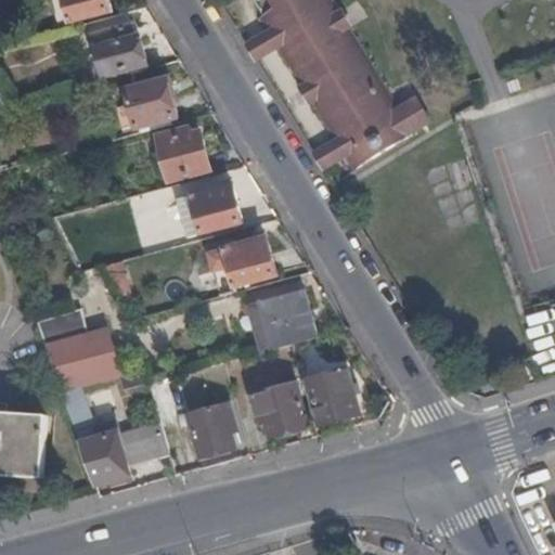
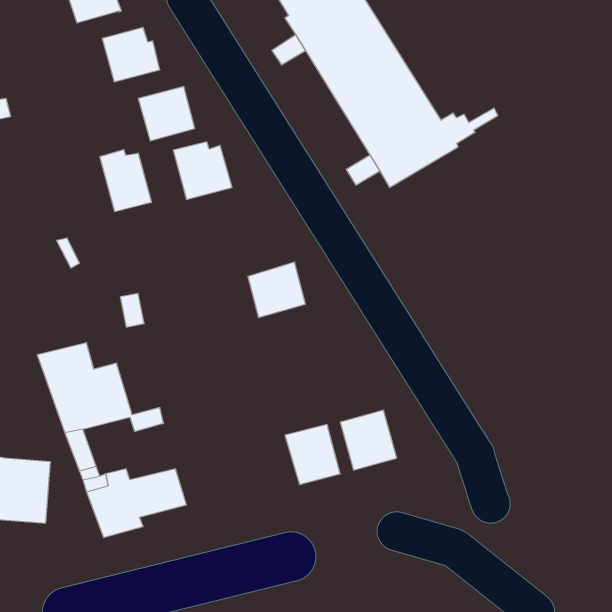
building: none -> [100,150,151,212]
building: [191,184,243,233] -> none
building: [256,289,315,349] -> none
building: [188,403,234,456] -> none

